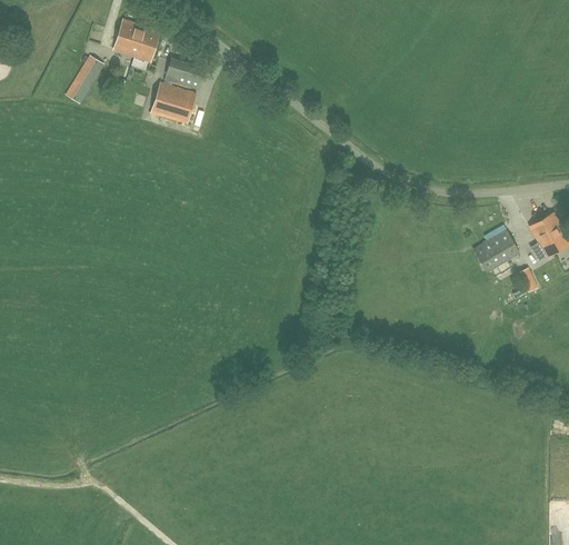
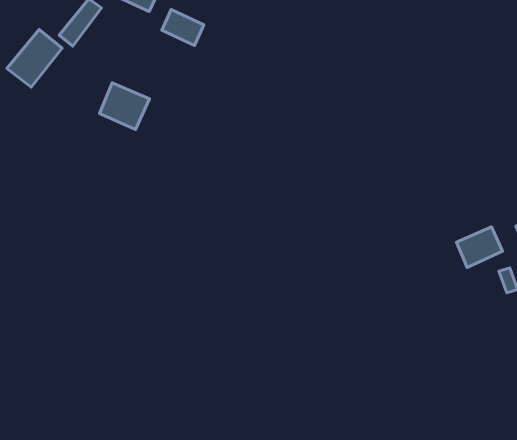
building: [150,81,197,123] -> [99,83,149,129]
building: none -> [7,30,62,87]

